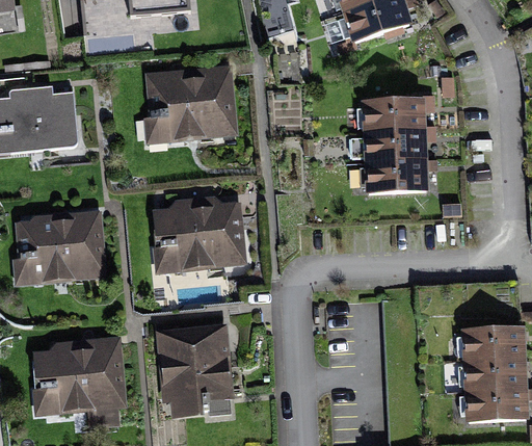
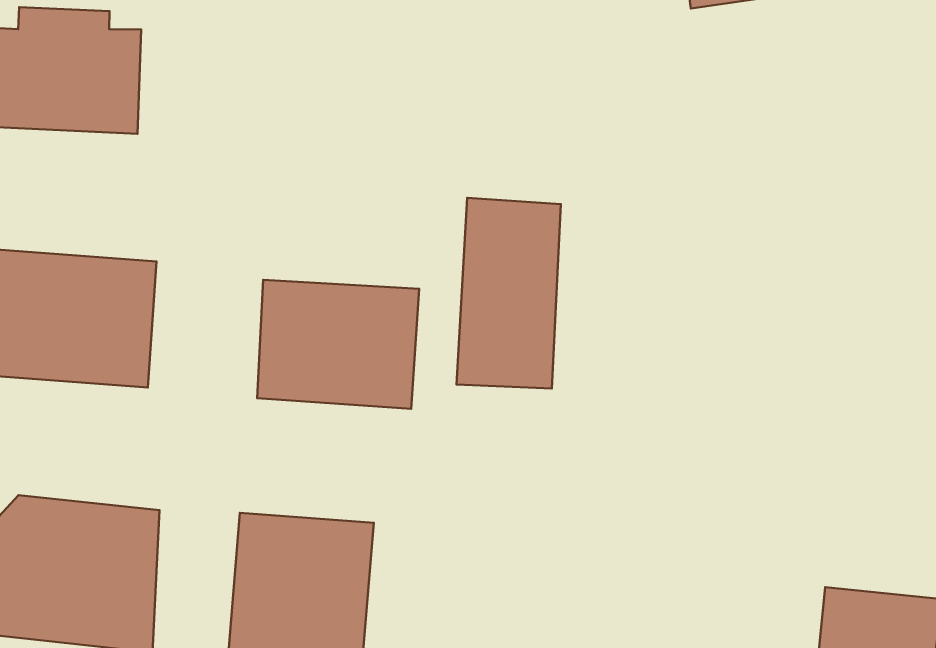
building: [138,69,230,141] -> none
building: [369,99,434,187] -> none
building: none -> [456,198,561,388]

